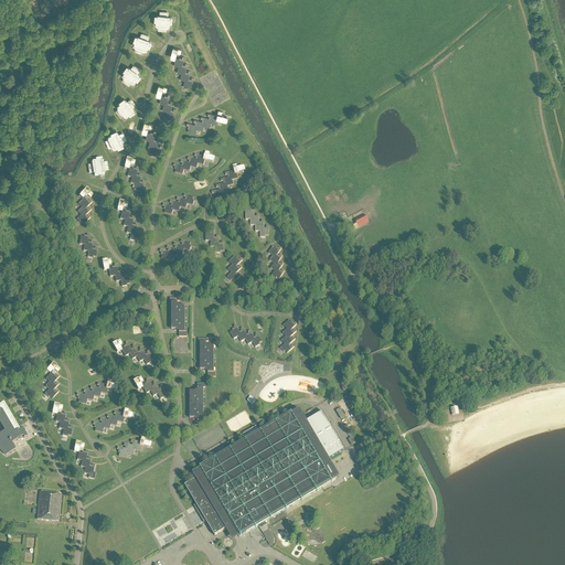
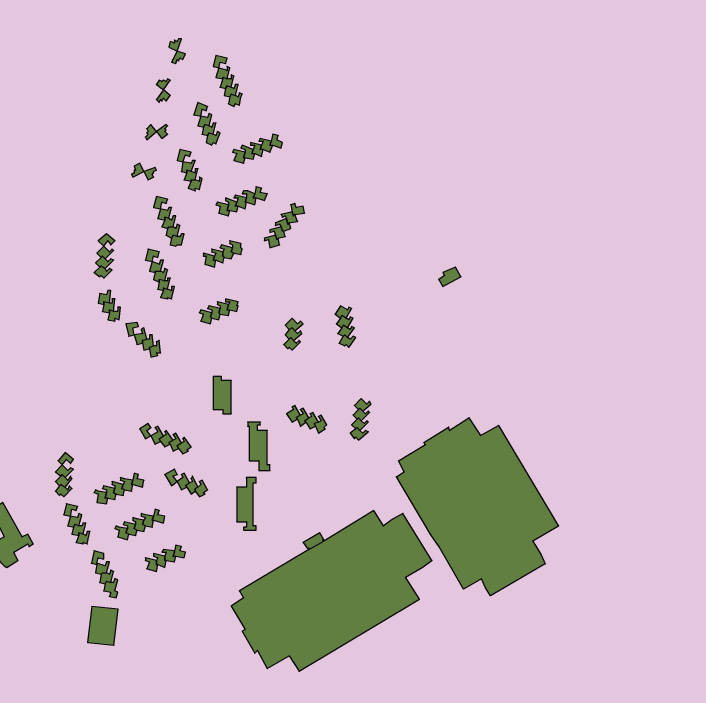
building: none -> [396,418,559,596]
building: [35,489,60,520] -> [88,607,118,645]

